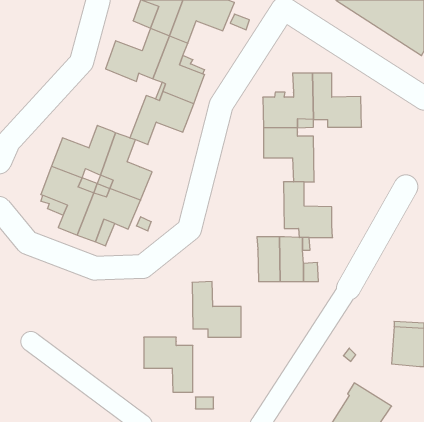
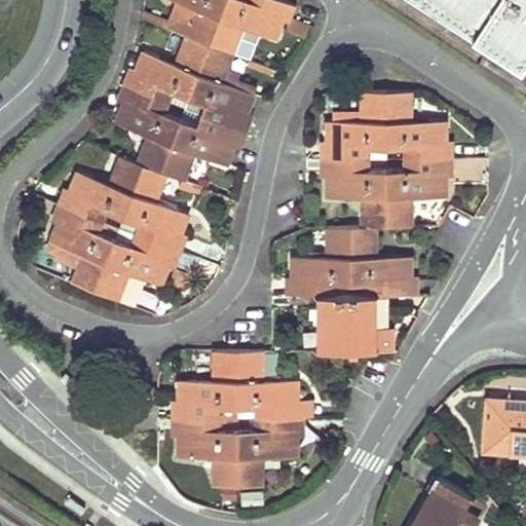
building: none -> [117,88,181,174]
building: none -> [387,160,447,228]
building: none -> [290,228,351,296]
building: none -> [178,352,238,420]
building: none -> [238,420,298,488]

